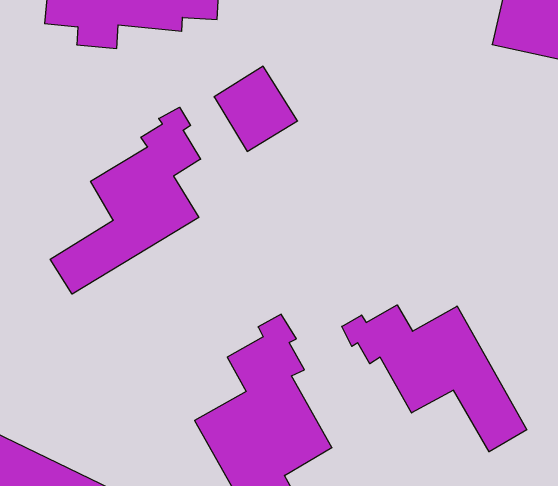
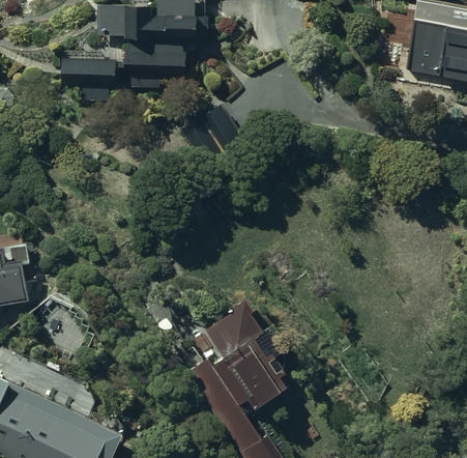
building: [50,107,201,294] -> none
building: [342,305,527,452] -> none

